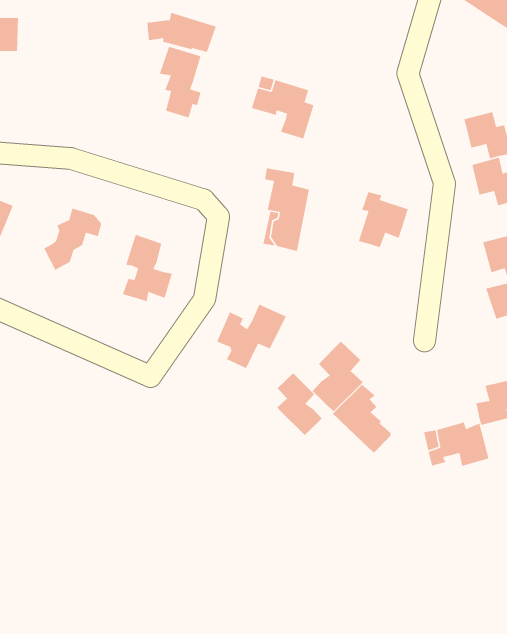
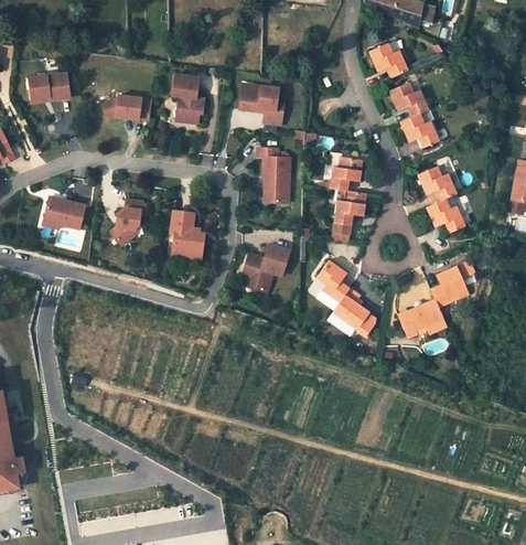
building: [147,12,217,53] -> [103,94,152,118]
building: none -> [368,43,407,76]
building: none -> [332,190,366,242]
building: [276,373,322,436] -> none

